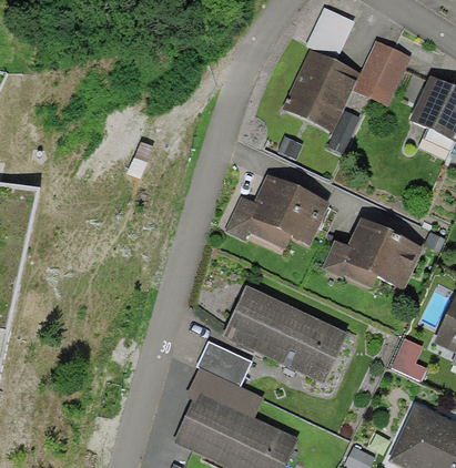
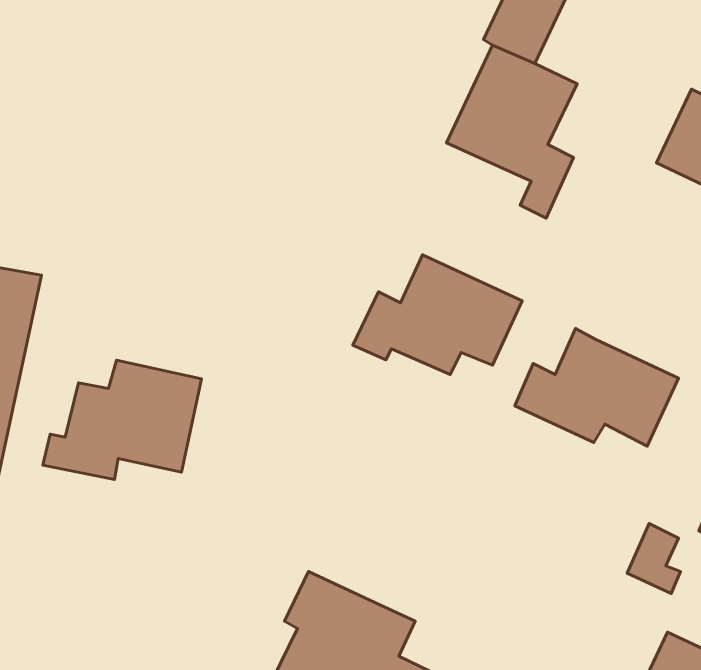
building: [354,42,407,103] -> none
building: none -> [43,360,202,480]
building: [223,284,345,380] -> none
building: [196,340,251,385] -> none

